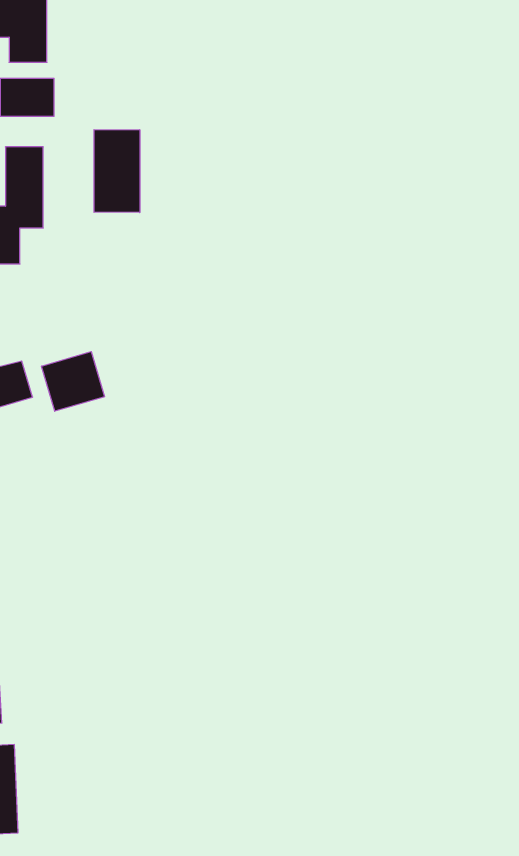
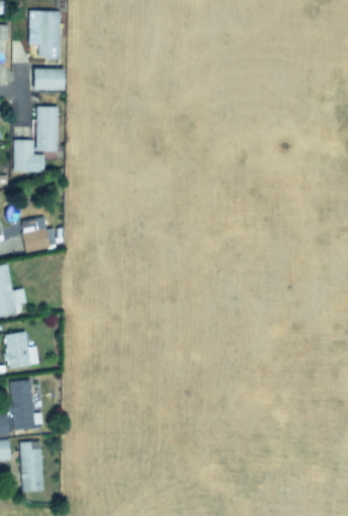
building: [94,130,140,213] -> none
building: [42,352,105,411] -> none

